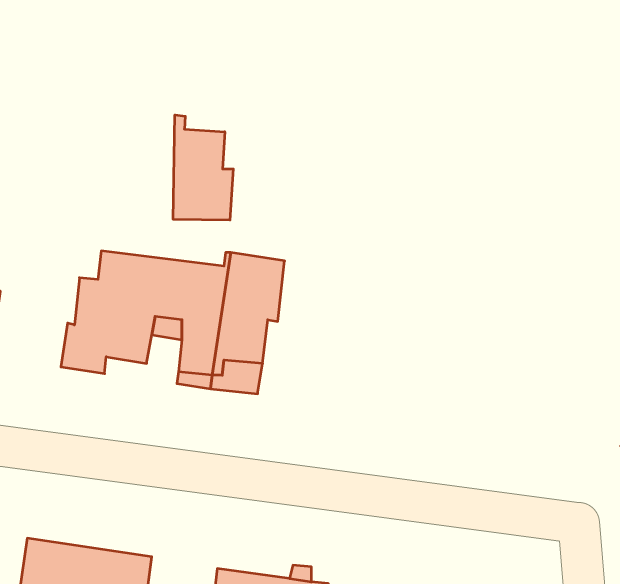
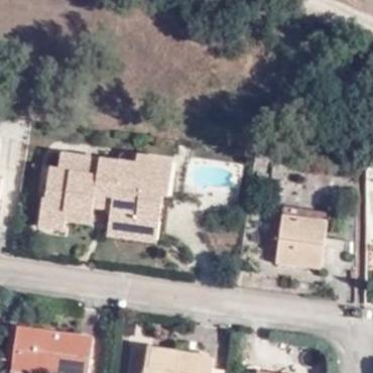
building: [173,115,233,220] -> none
building: none -> [275,216,326,267]

